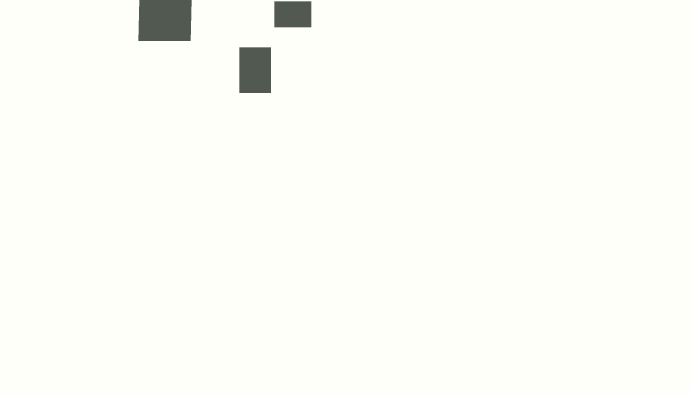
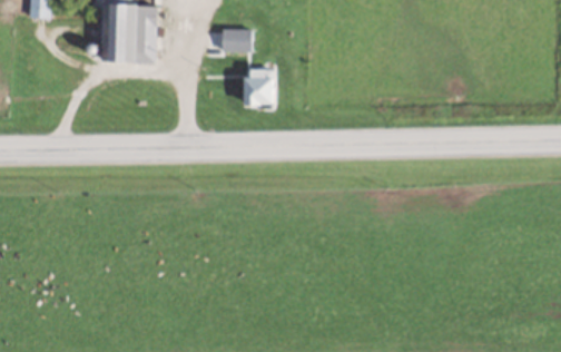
building: [239,47,272,94] -> [246,68,273,106]

